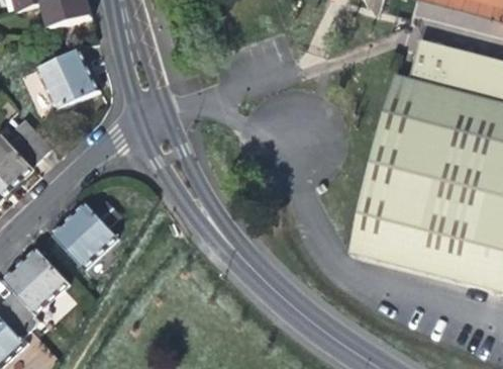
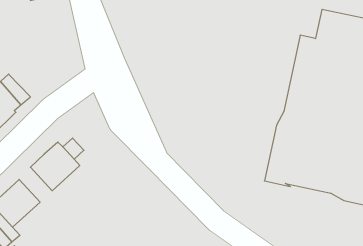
building: [37,49,100,111] -> none

